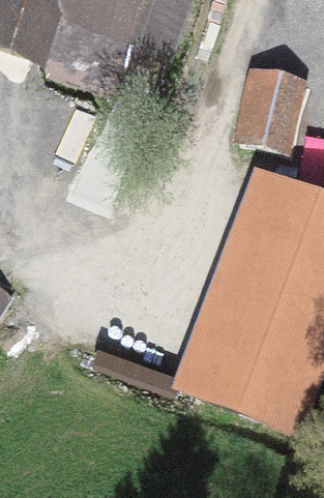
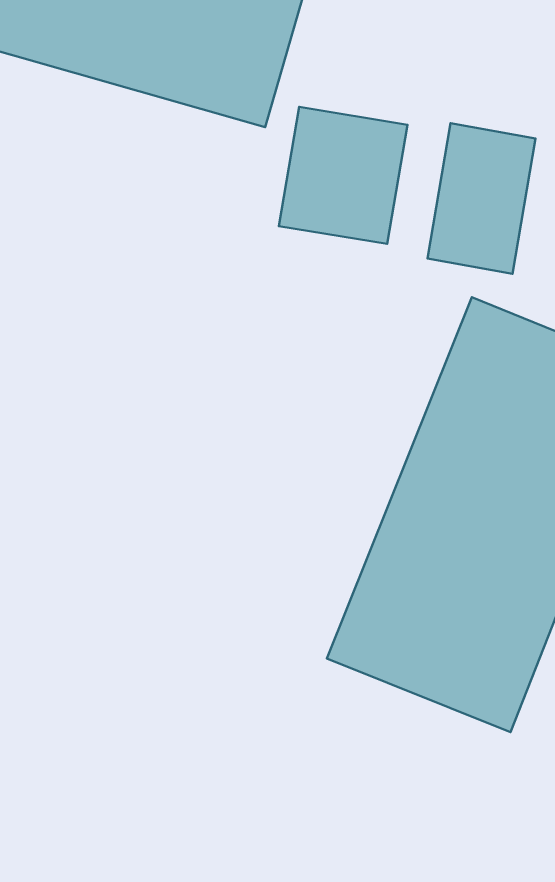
building: none -> [279,107,408,244]

